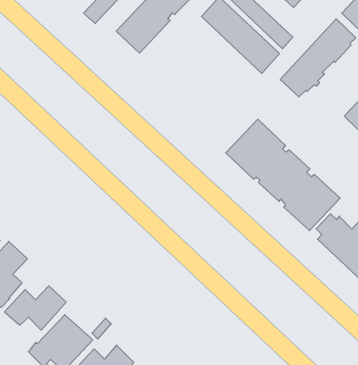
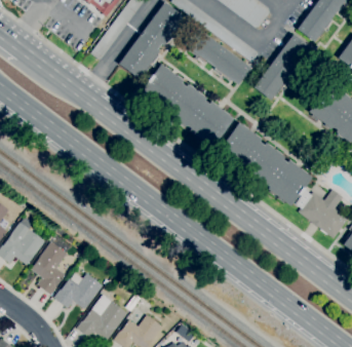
building: none -> [140,63,234,147]

